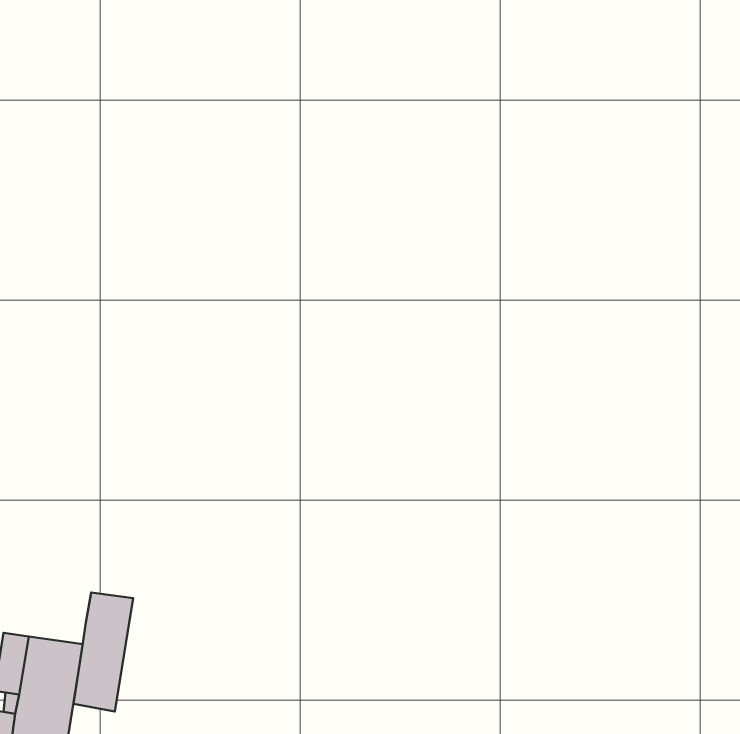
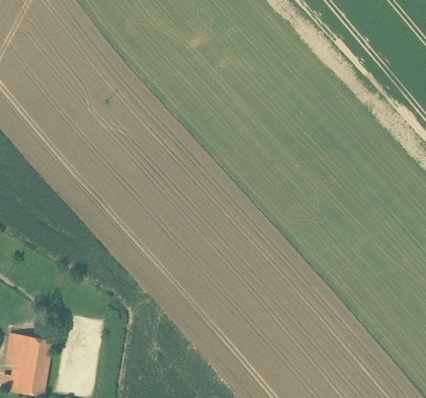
building: [73,592,133,712] -> none

